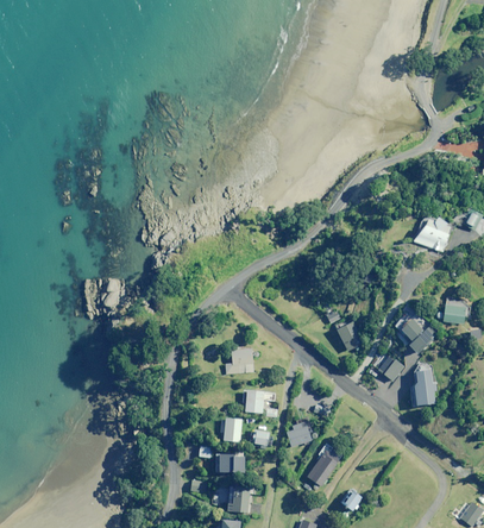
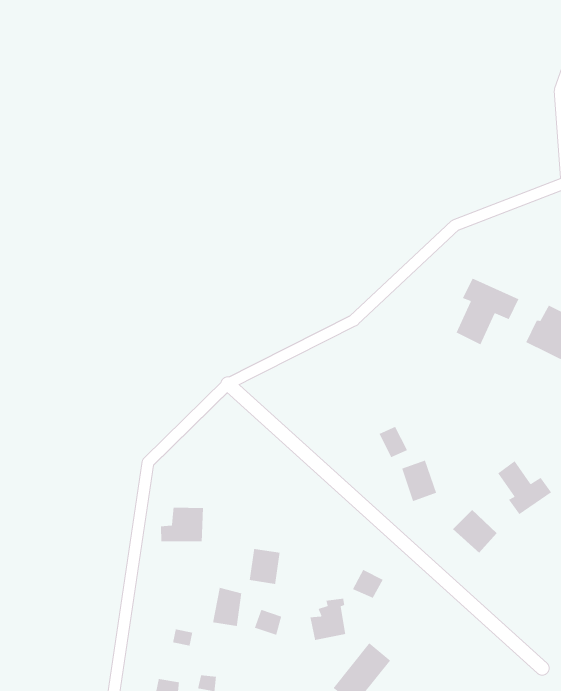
building: none -> [455,277,519,346]
building: [225,350,253,375] -> [160,507,204,542]
building: [414,370,438,406] -> none
building: [215,452,245,473] -> none

